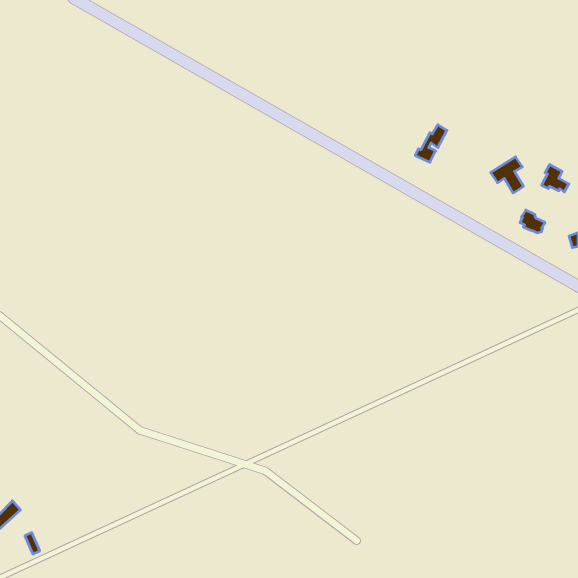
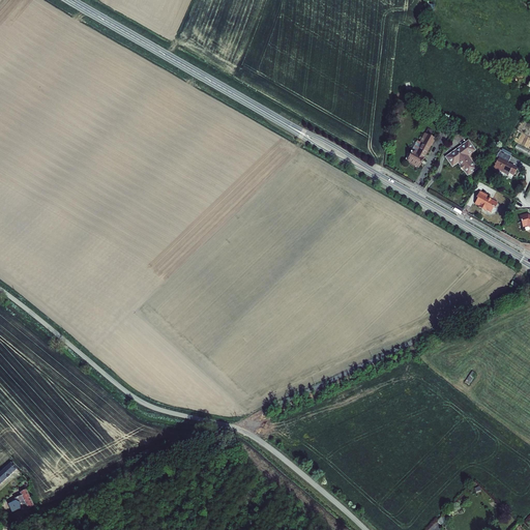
building: [415,125,447,162] -> [404,134,433,168]

